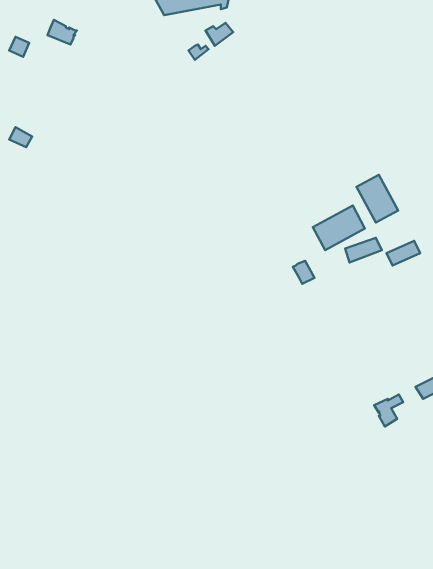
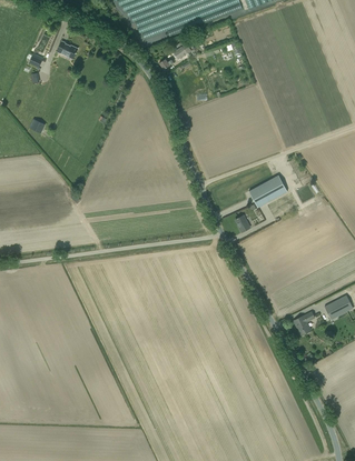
building: [357,175,398,223] -> none

